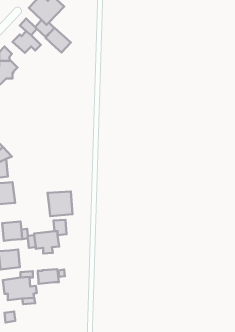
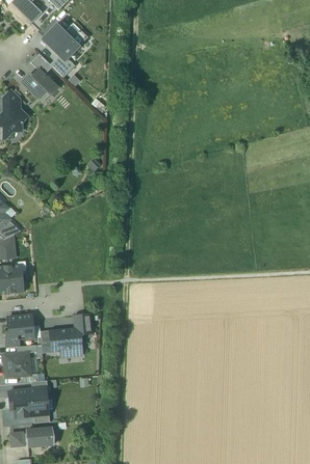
building: [45,28,71,53] -> none
building: [48,191,72,216] -> none
building: [38,269,59,284] -> [26,427,53,445]

